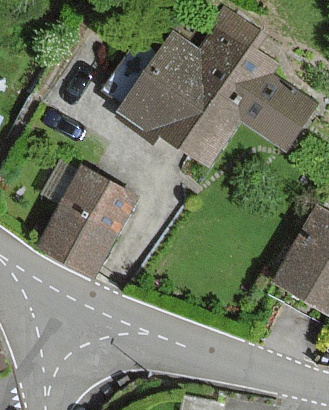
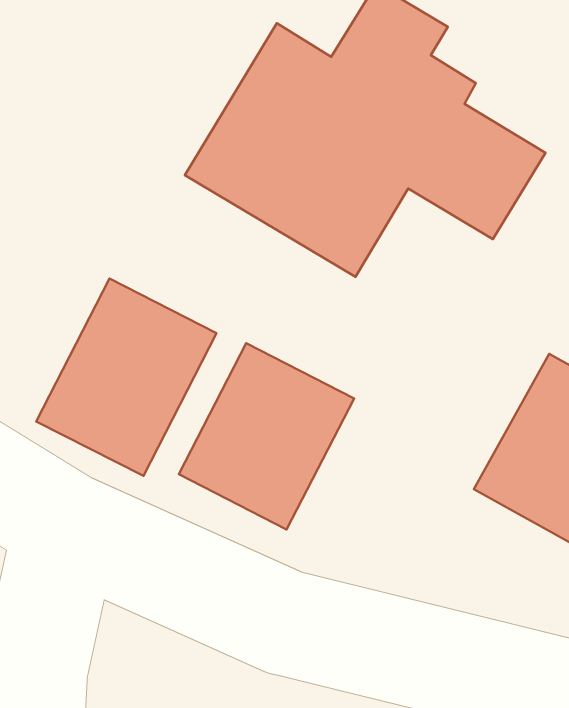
building: none -> [179,343,354,529]

